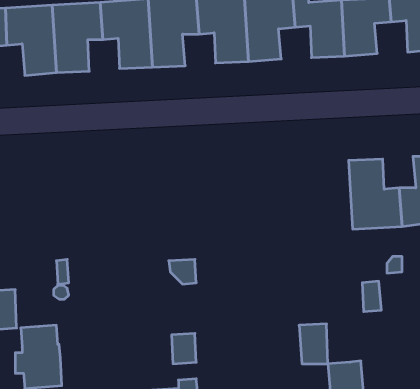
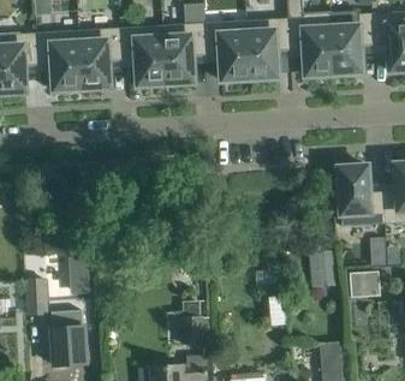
building: [299,324,328,364] -> [309,250,334,285]

